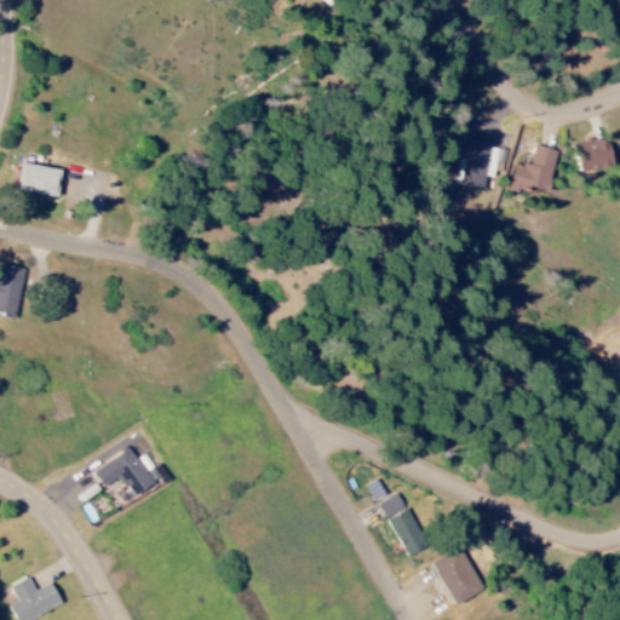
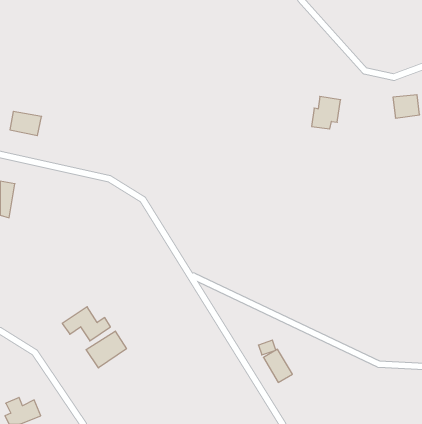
building: [510,145,559,193] -> none
building: none -> [86,331,126,368]
building: [432,547,486,605] -> none

